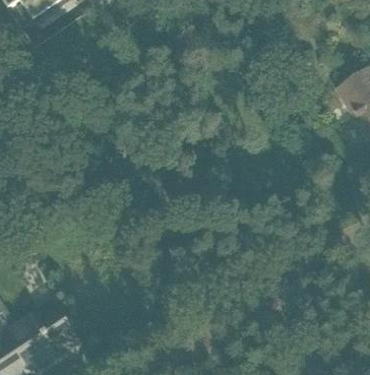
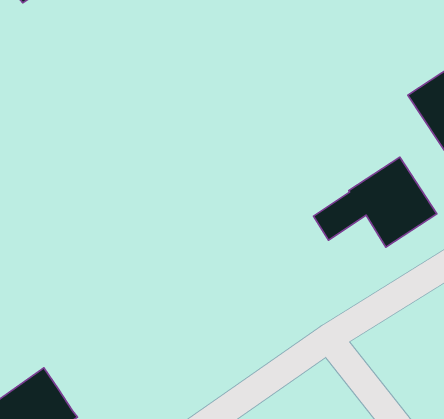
building: none -> [313,157,437,247]

